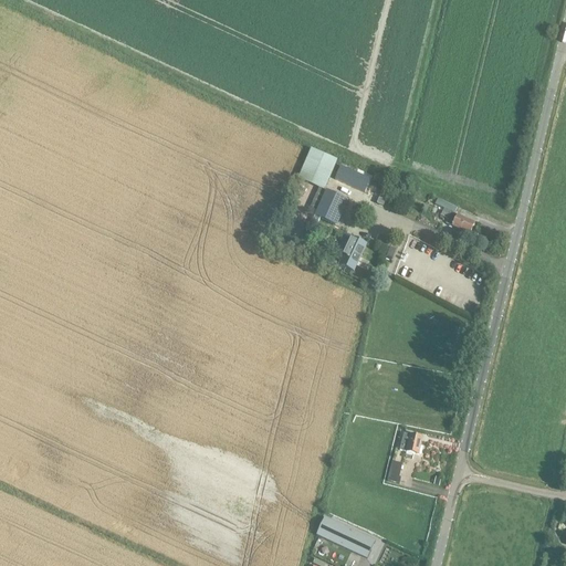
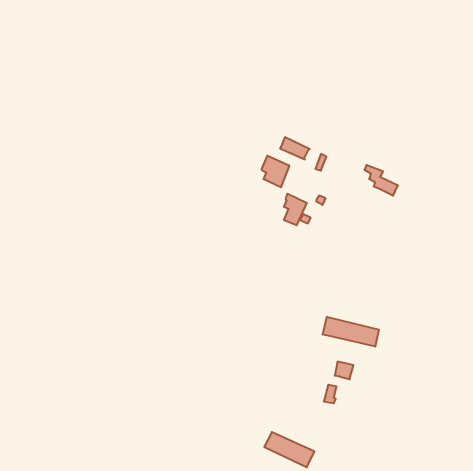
building: [298,146,337,187] -> none
building: none -> [323,317,379,347]

